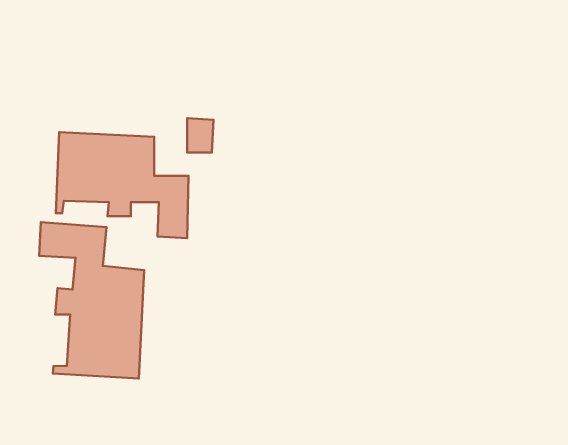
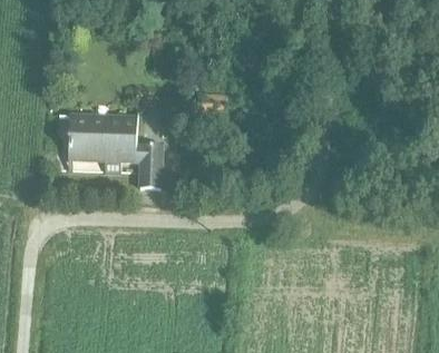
building: [39,222,144,379] -> none

